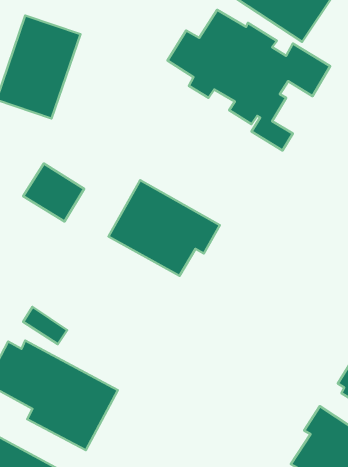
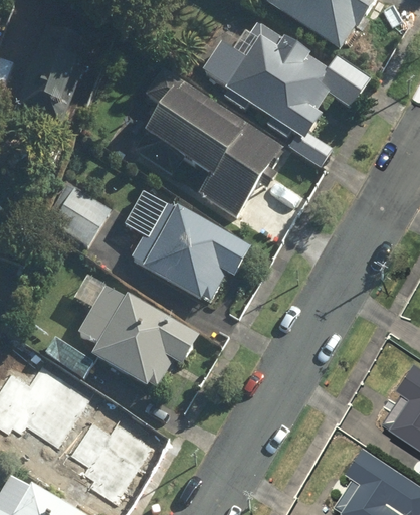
building: none -> [139,84,285,218]
building: none -> [71,273,201,387]

